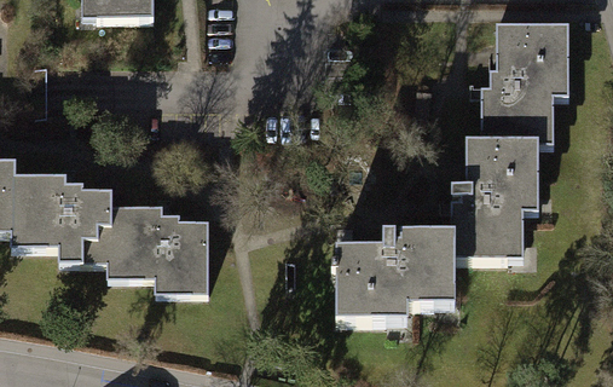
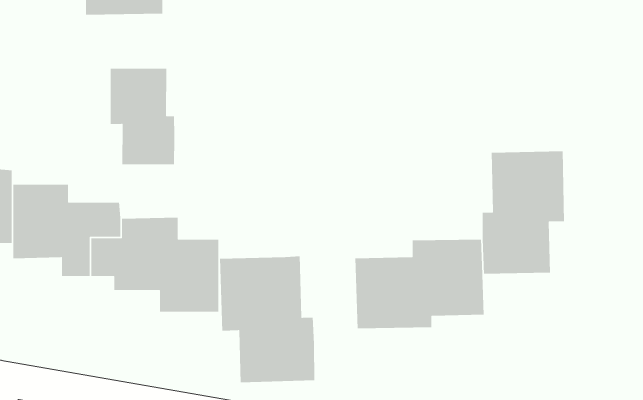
building: [479,29,567,146] -> none
building: none -> [110,68,175,165]
building: none -> [219,256,315,383]

